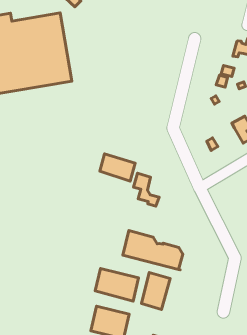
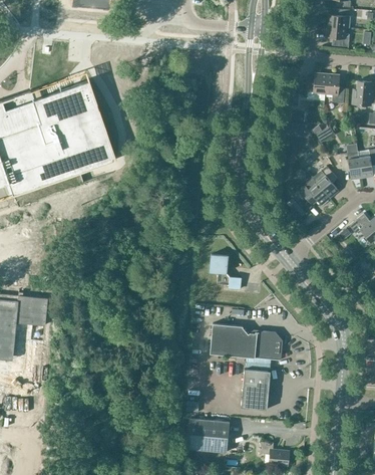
building: none -> [299,177,330,205]
building: [100,154,135,181] -> none
building: [95,268,139,301] -> none

